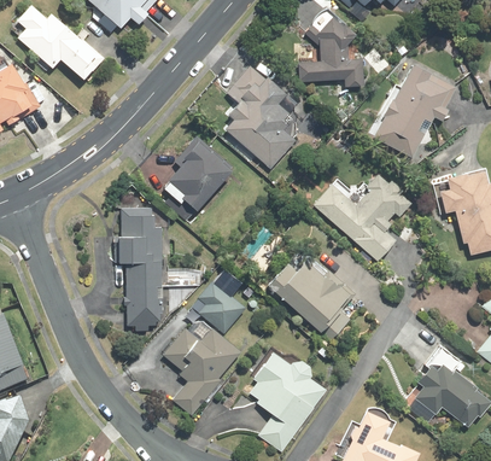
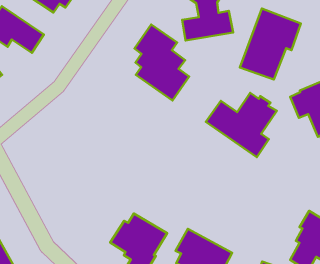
building: [162,134,234,222] -> none
building: [113,205,164,331] -> none
building: [265,252,357,342] -> none
building: [197,279,246,333] -> none

